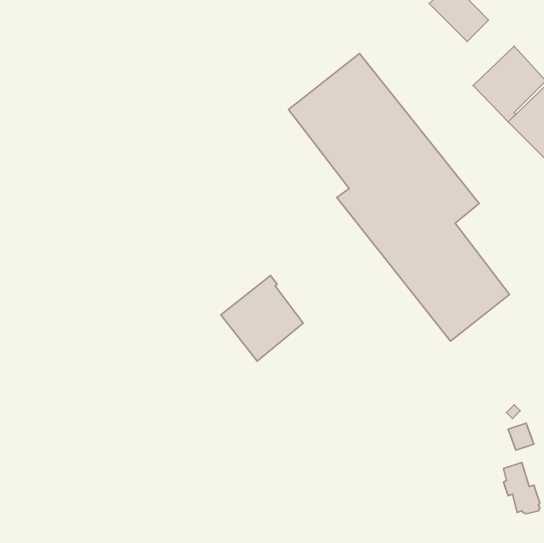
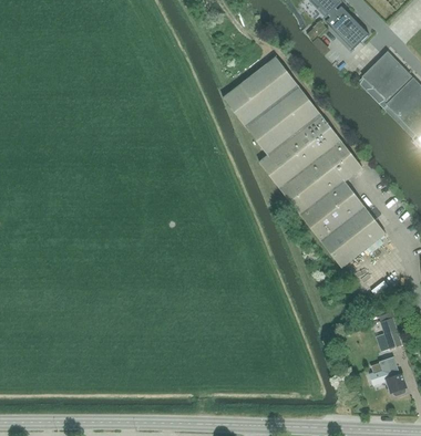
building: [221,275,303,361] -> none

